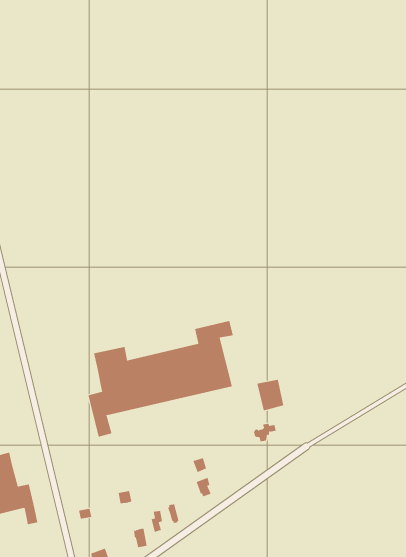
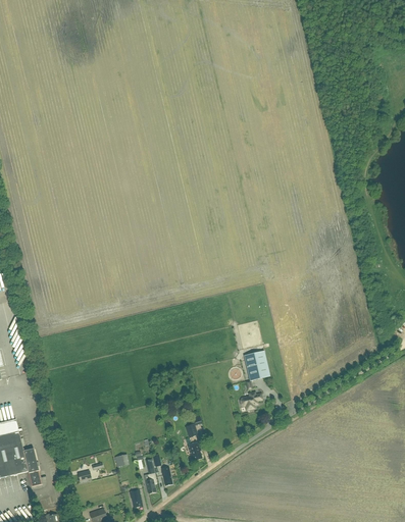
building: [88,320,233,437] -> none

